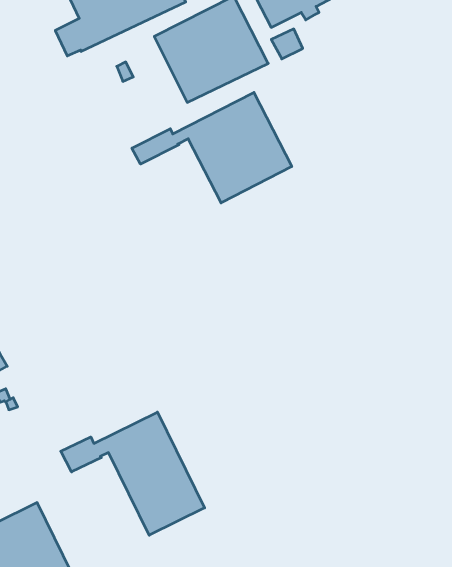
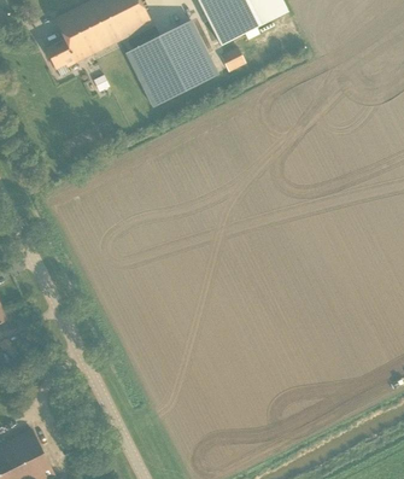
building: [132,92,292,203] -> none
building: [61,412,205,535] -> none

